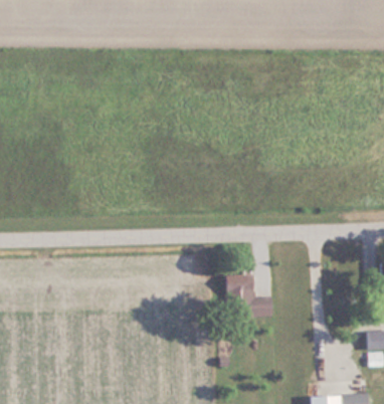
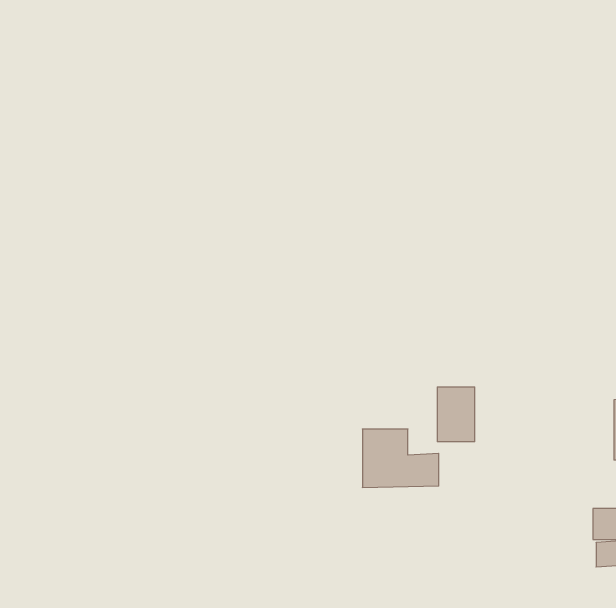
building: none -> [437,387,475,442]

